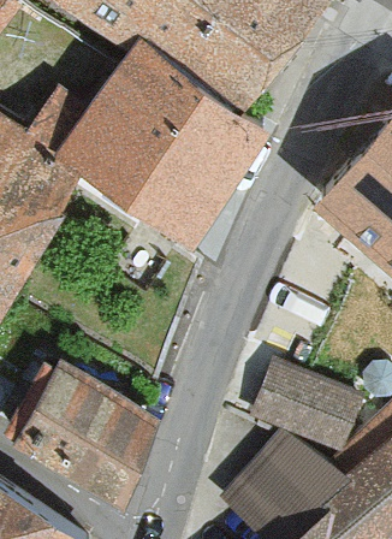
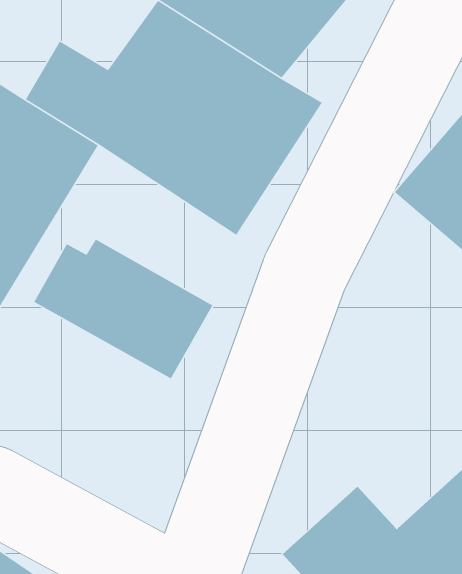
building: [14,365,158,476] -> [33,239,213,380]
building: [253,367,360,454] -> none

